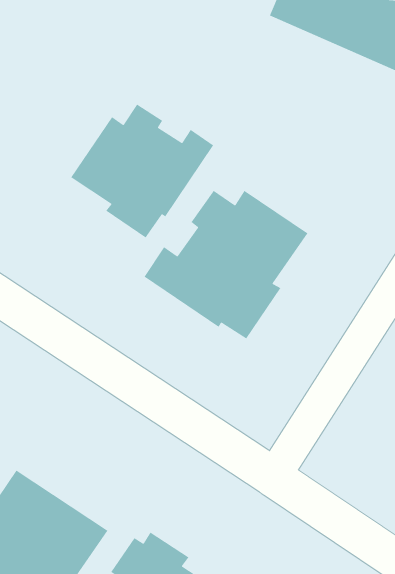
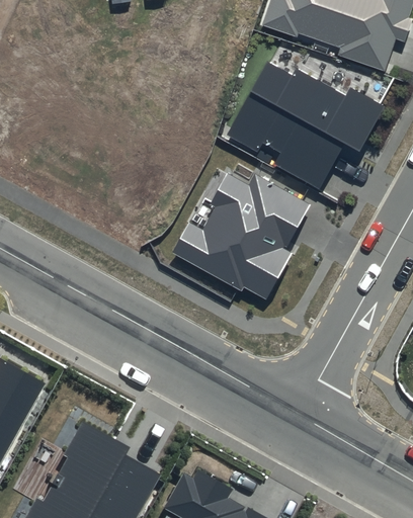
building: none -> [226,60,370,182]
building: [70,103,214,238] -> none

